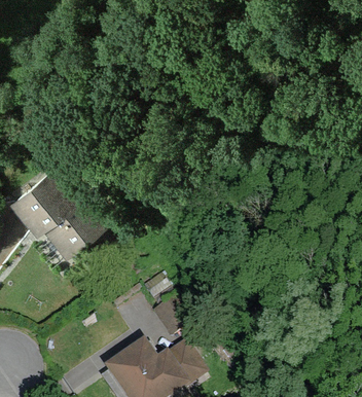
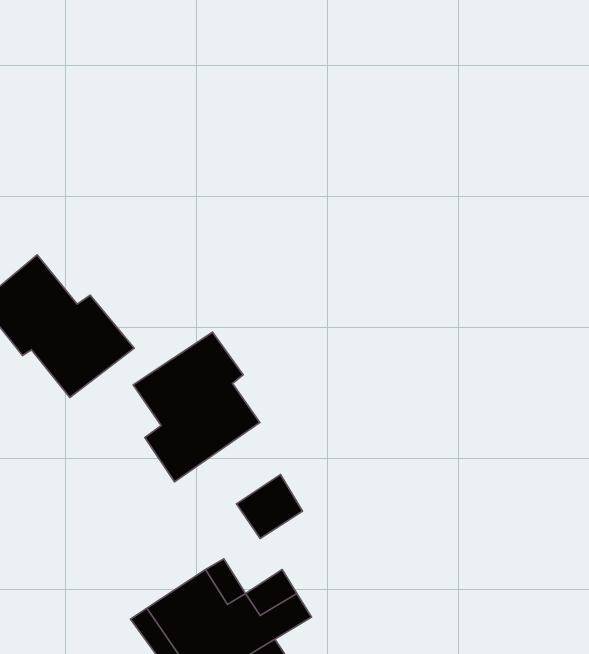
building: none -> [133,332,260,482]

